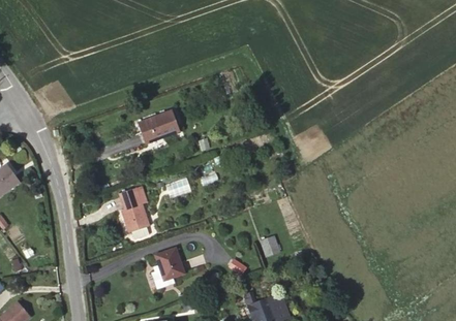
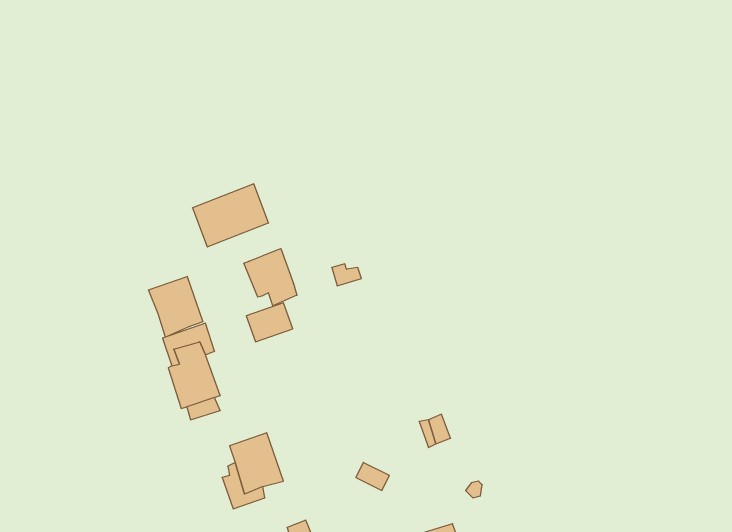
building: none -> [244,249,297,306]
building: none -> [149,276,203,337]

